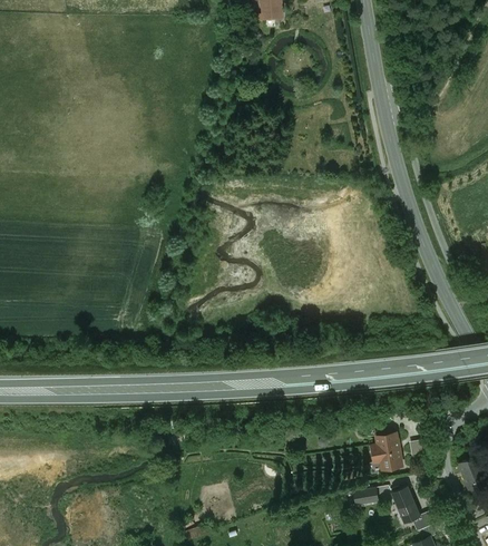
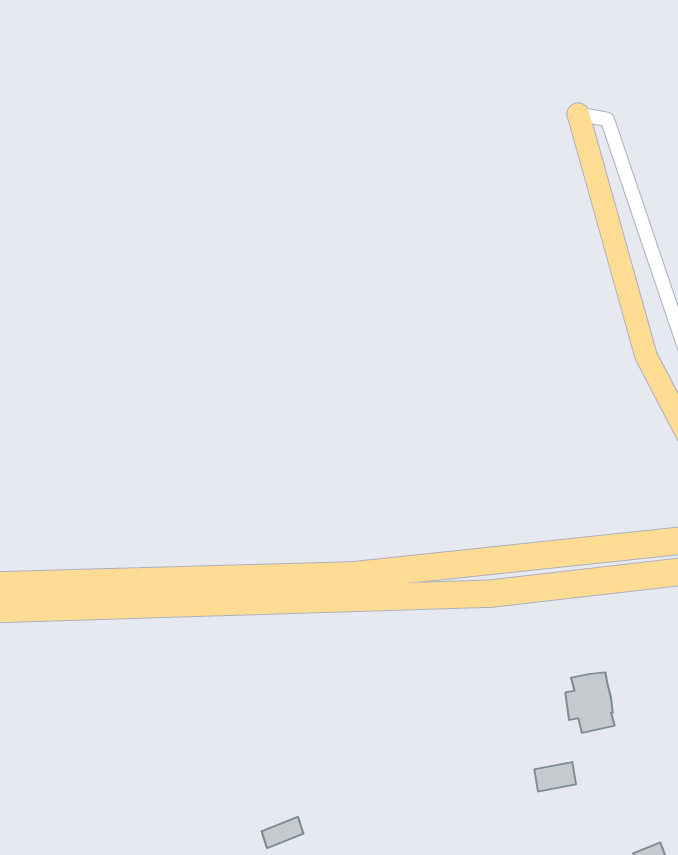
building: [391,486,421,524] -> none

